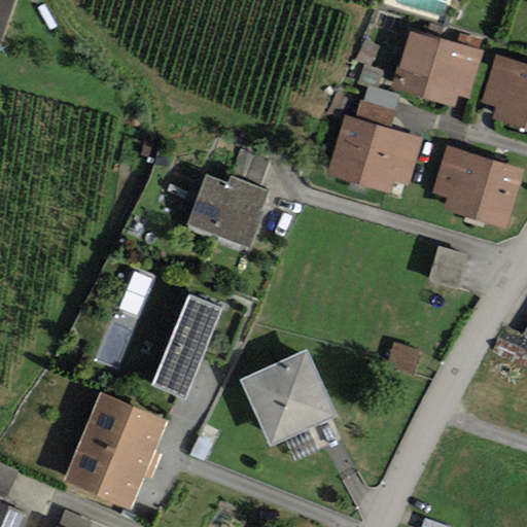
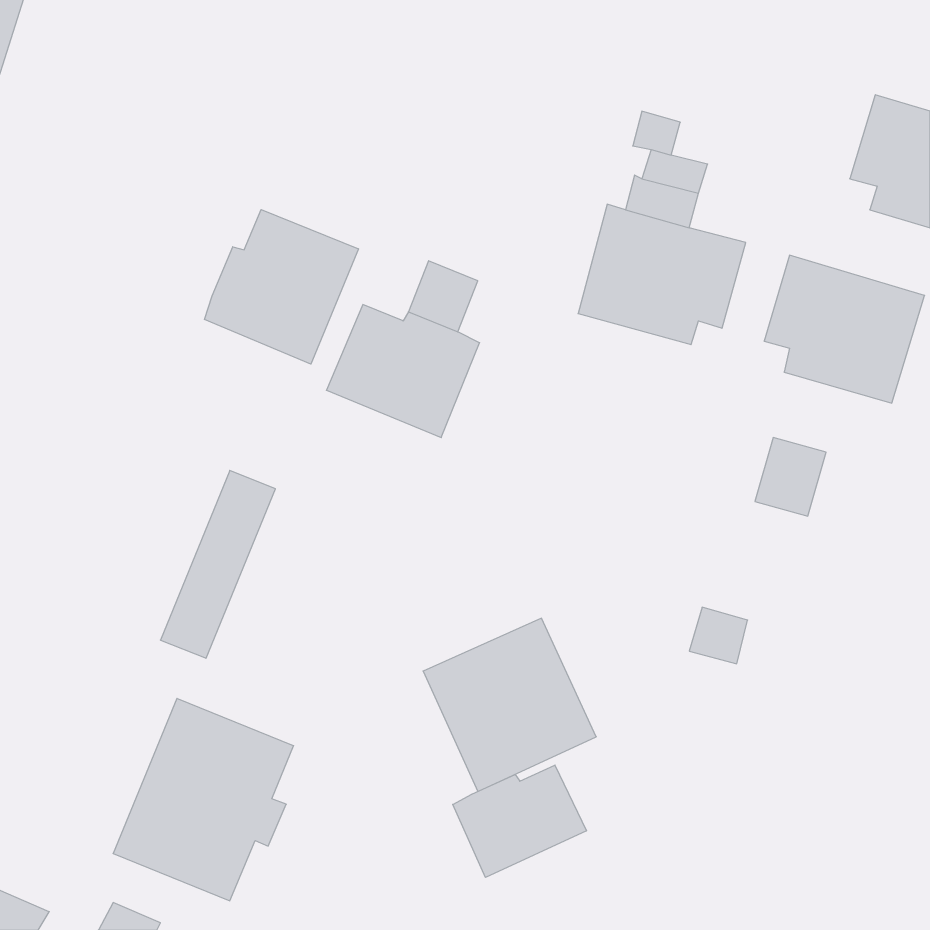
building: [392,32,483,105] -> none
building: none -> [205,210,358,364]
building: [150,295,220,398] -> none
building: none -> [453,765,586,877]

